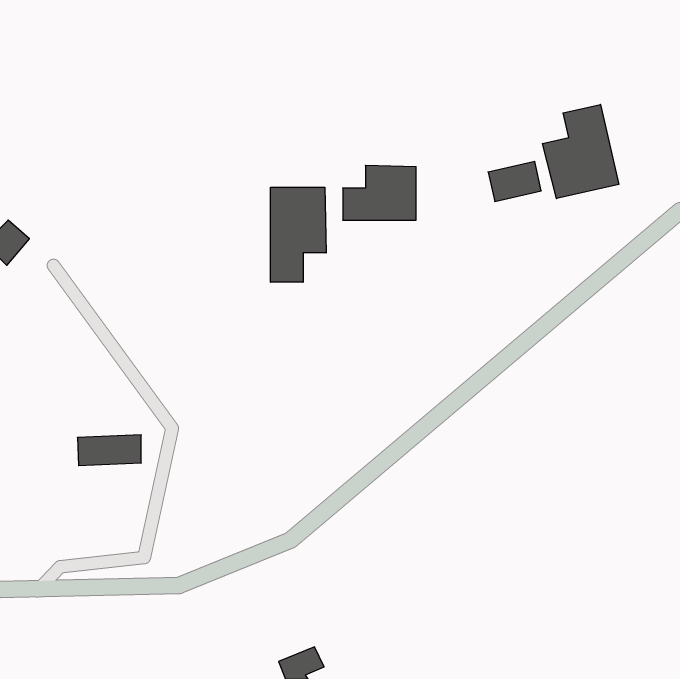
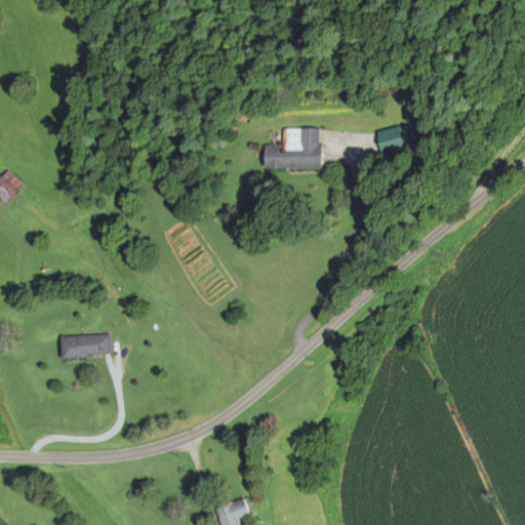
building: [542,104,619,199] -> none
building: [271,187,326,282] -> none

